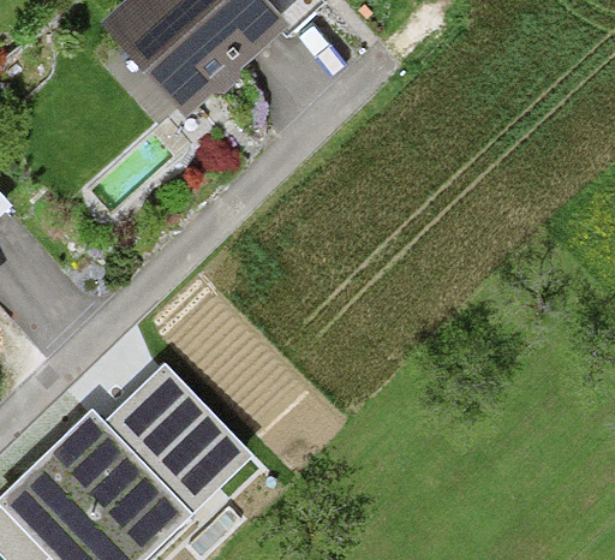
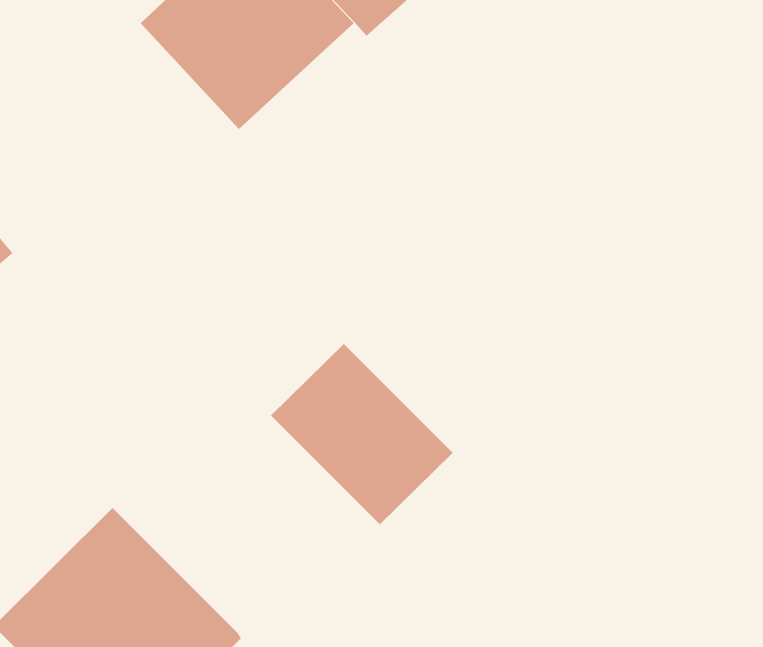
building: [103,365,250,511] -> [270,343,453,525]

